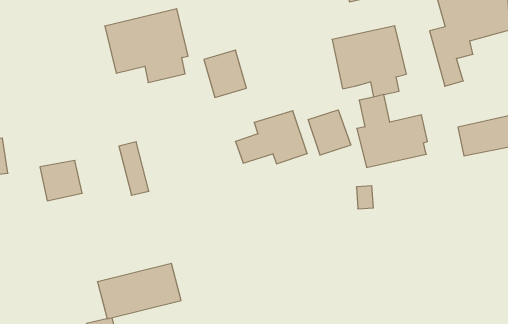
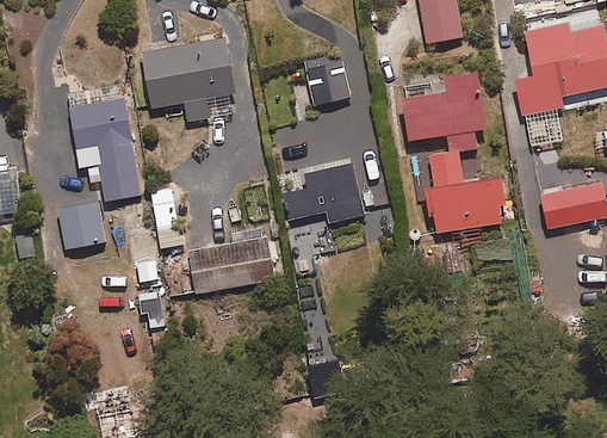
building: [204,50,246,97] -> [303,53,349,105]
building: none -> [68,85,140,201]
building: [308,110,351,155] -> none
building: [97,263,181,319] -> [180,236,274,295]

